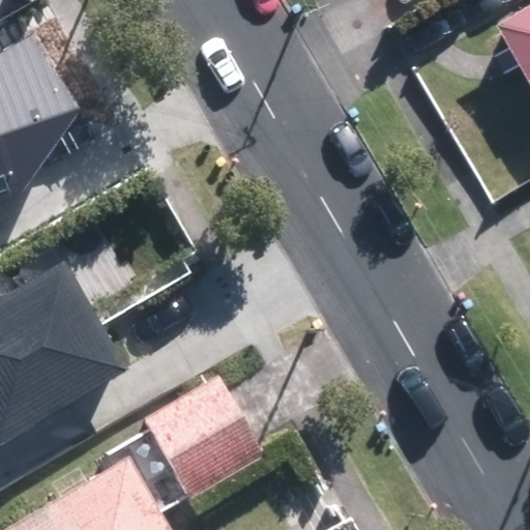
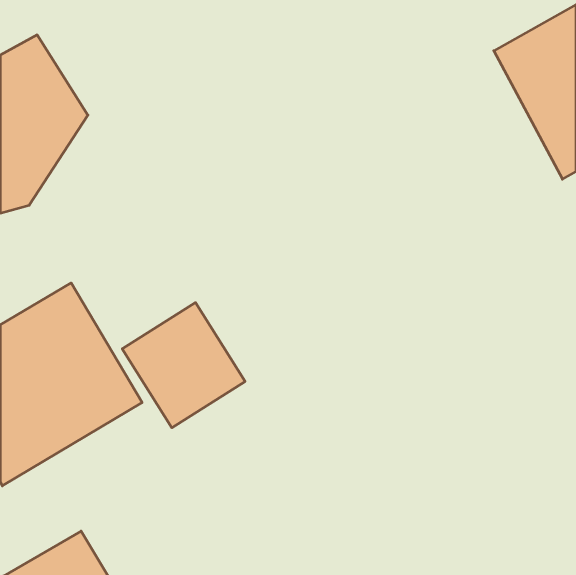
building: [107,401,219,516] -> [122,303,245,428]

